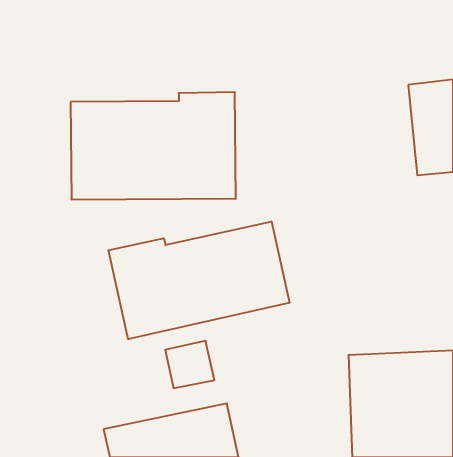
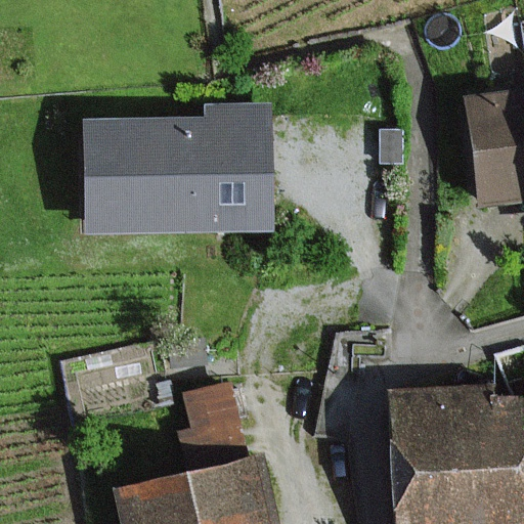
building: [108,221,289,339] -> none

